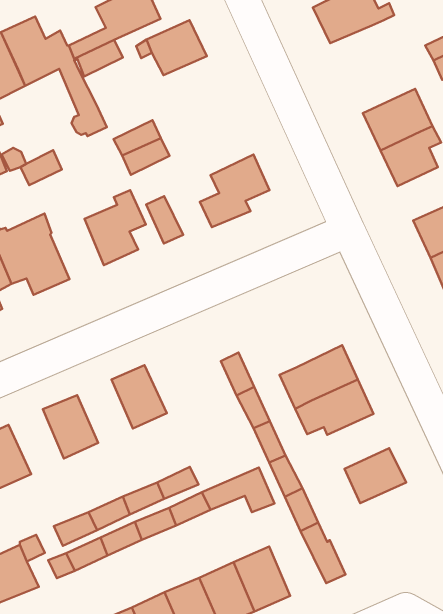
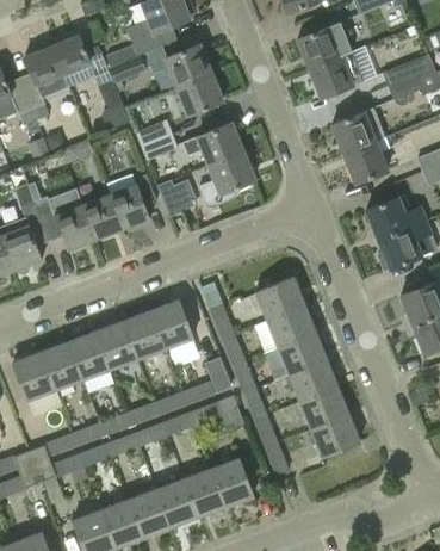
building: none -> [308,51,362,97]
building: none -> [176,72,222,113]
building: none -> [182,122,243,165]
building: none -> [81,193,122,240]
building: none -> [255,276,304,318]
building: none -> [149,299,192,348]
building: none -> [95,320,137,369]
building: none -> [41,340,82,390]
building: none -> [289,358,336,400]
building: none -> [180,359,233,405]
building: none -> [311,413,359,456]

